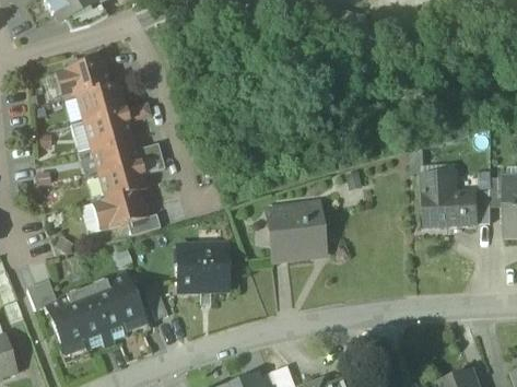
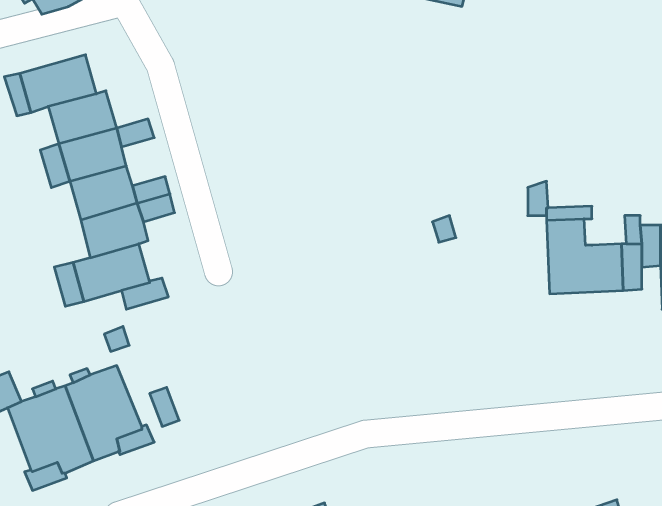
building: [268,201,326,256] -> none
building: [177,243,227,289] -> none

